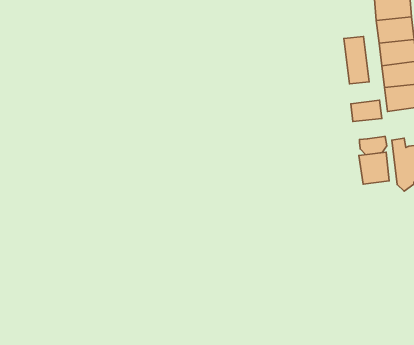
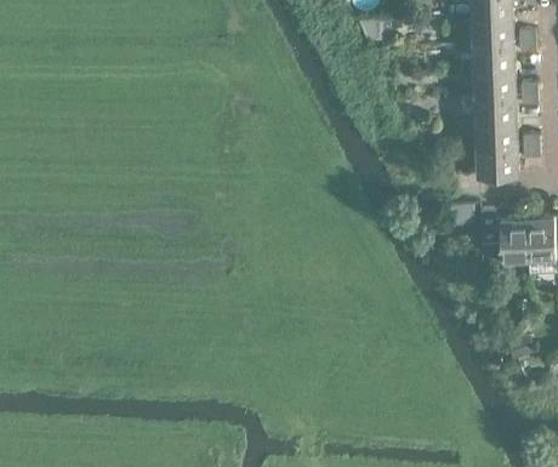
building: [344,36,369,84] -> none
building: [351,100,382,122] -> none
building: [359,152,389,184] -> none

